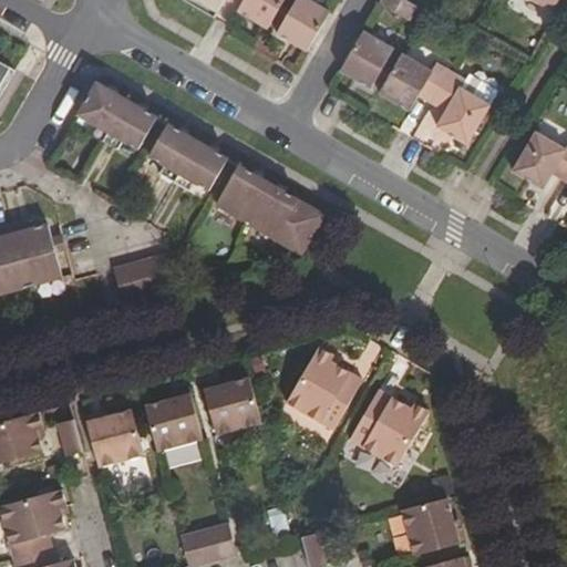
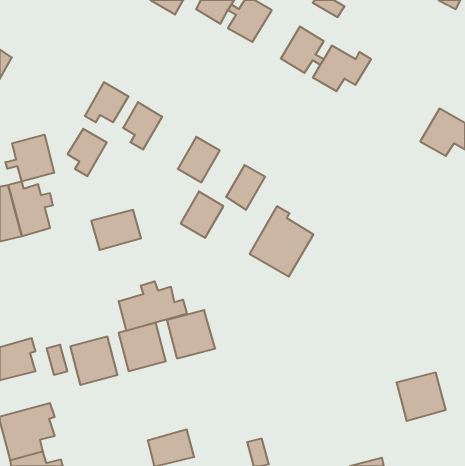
building: [432,72,488,145] -> none
building: [79,83,126,141] -> [68,129,107,176]
building: [174,142,227,189] -> none
building: none -> [5,135,54,181]
building: [245,183,297,239] -> [181,191,223,238]
building: none -> [119,281,187,331]
building: [285,346,362,431] -> [250,206,313,277]
building: [349,389,430,467] -> none
building: [401,497,461,556] -> [396,373,446,421]

